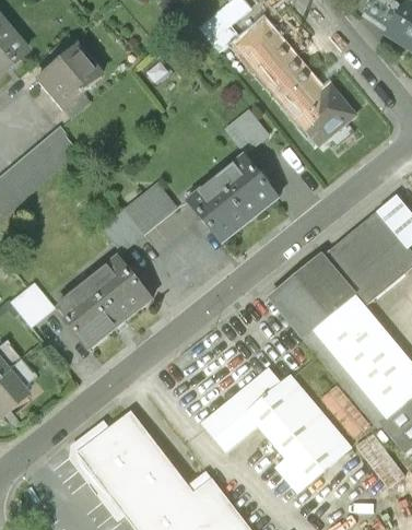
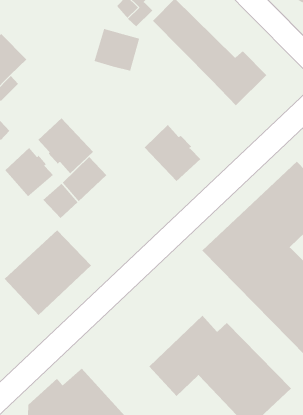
building: none -> [94,28,140,71]
building: [228,111,268,151] -> none
building: none -> [4,147,54,197]
building: [190,180,249,242] -> [38,117,94,174]

